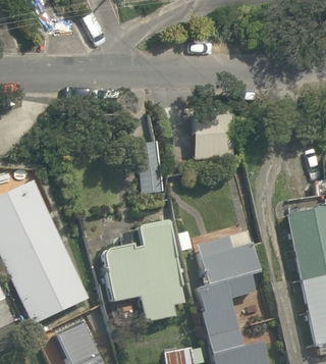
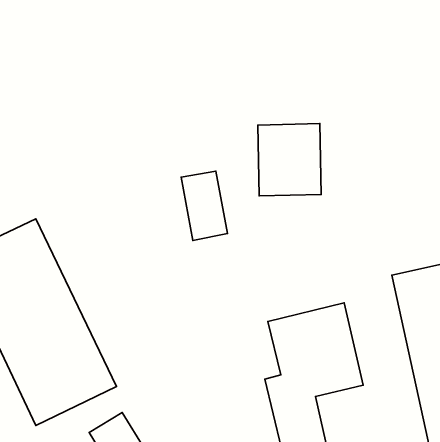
building: [98,220,183,325] -> none

